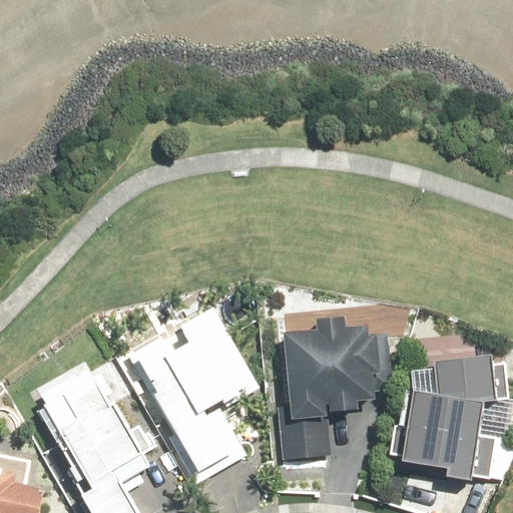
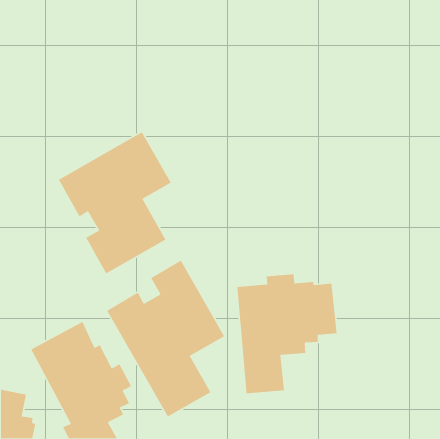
building: none -> [58,131,172,274]
building: [388,355,503,481] -> none

